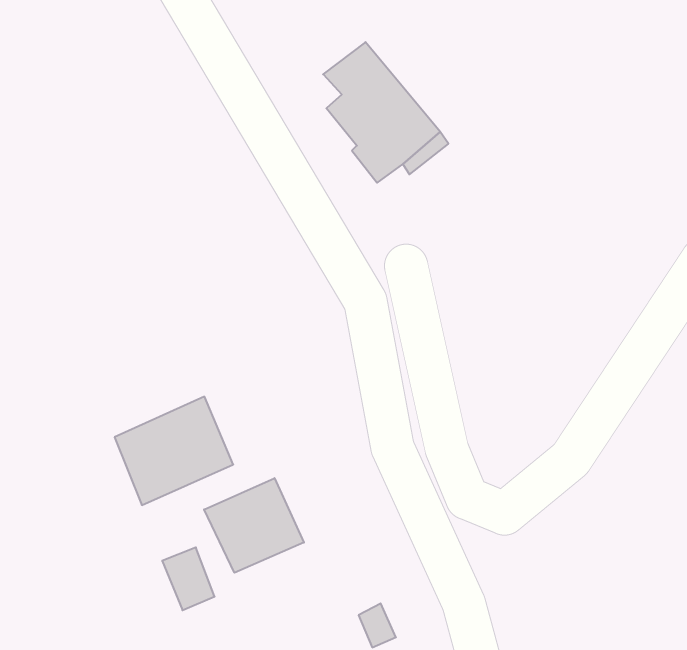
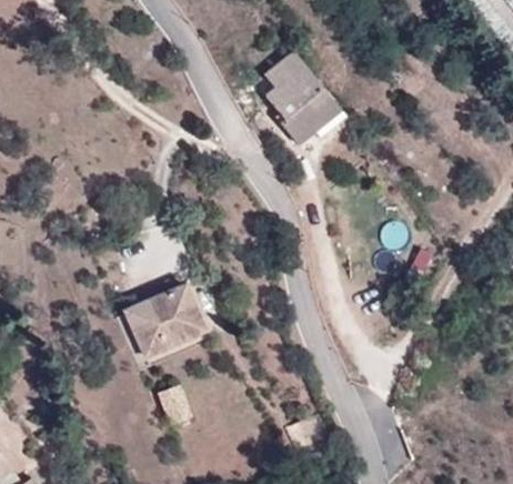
building: [204,478,304,573] -> none

